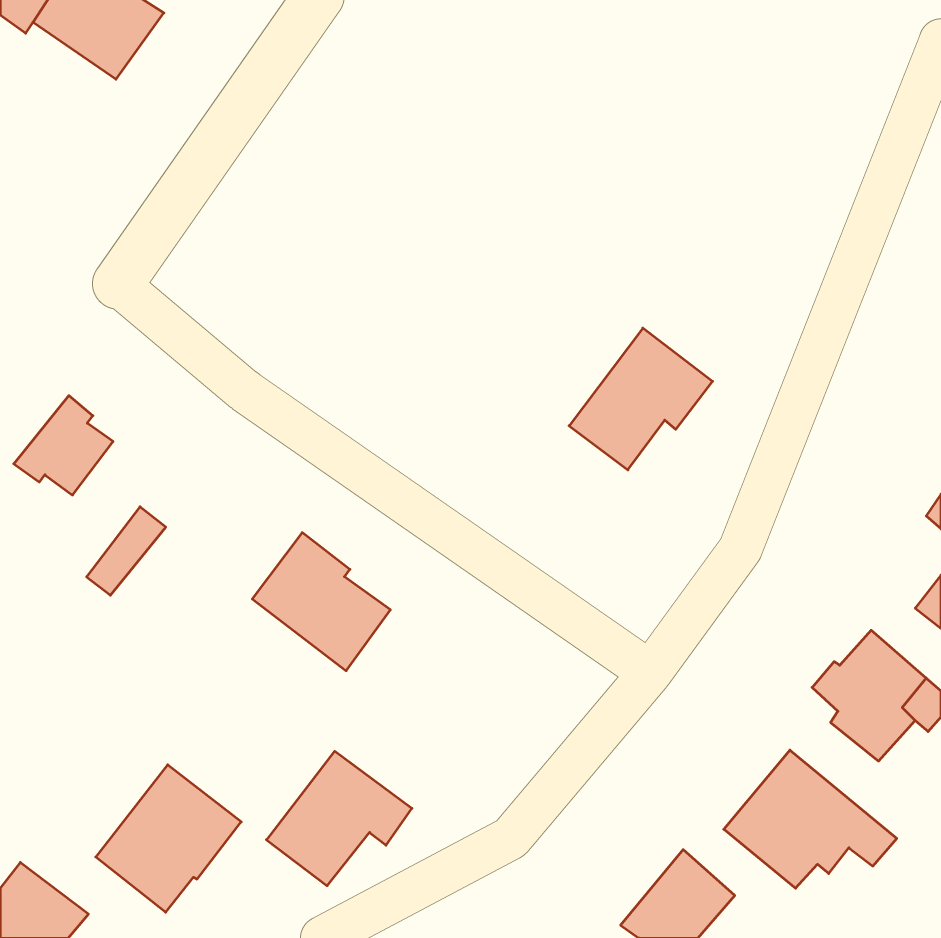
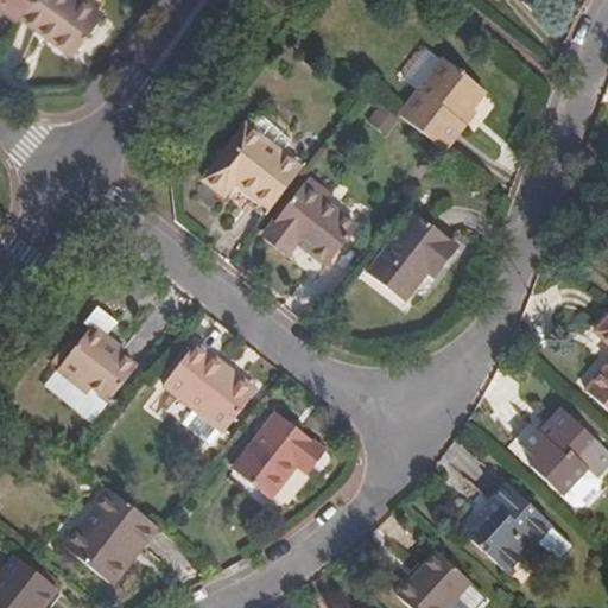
building: none -> [400,51,484,150]
building: none -> [201,124,300,208]
building: none -> [262,178,353,265]
building: [14,396,113,495] -> [71,340,135,404]
building: [266,751,412,886] -> [230,414,324,501]

